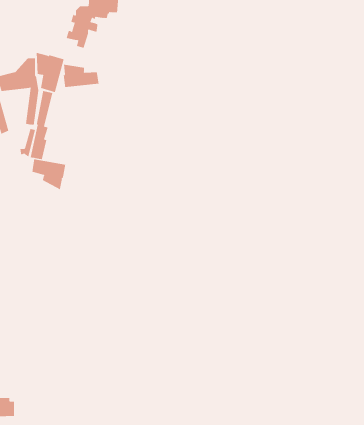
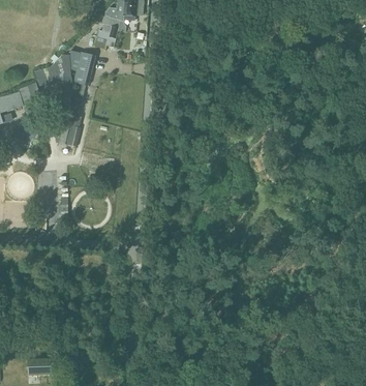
building: [63,64,99,88] -> none
building: [32,158,66,190] -> none

